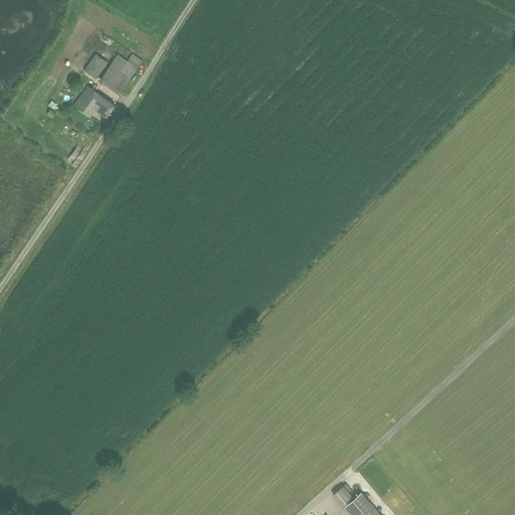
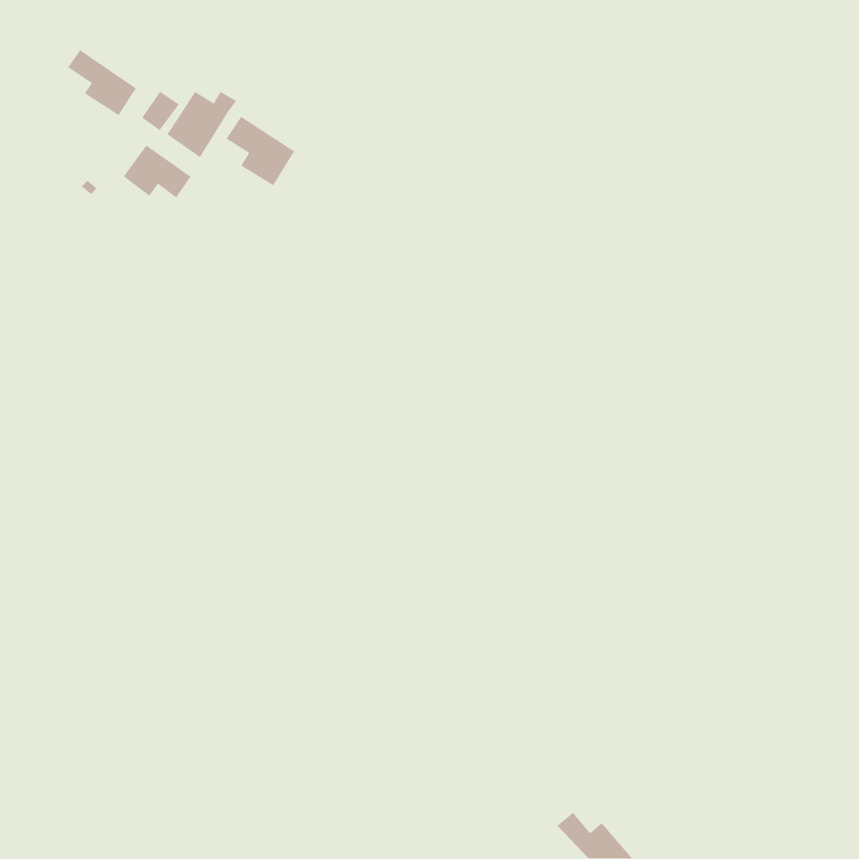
building: none -> [67,49,137,116]
building: none -> [226,116,295,186]

